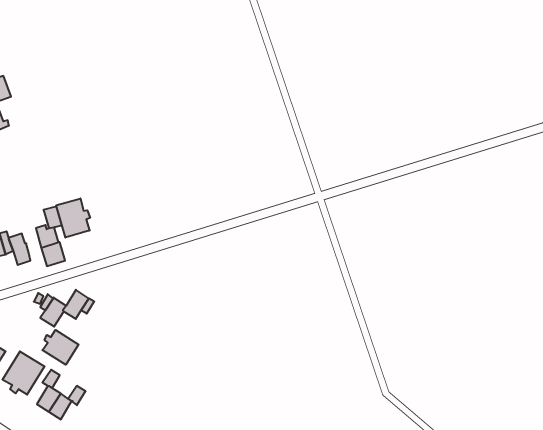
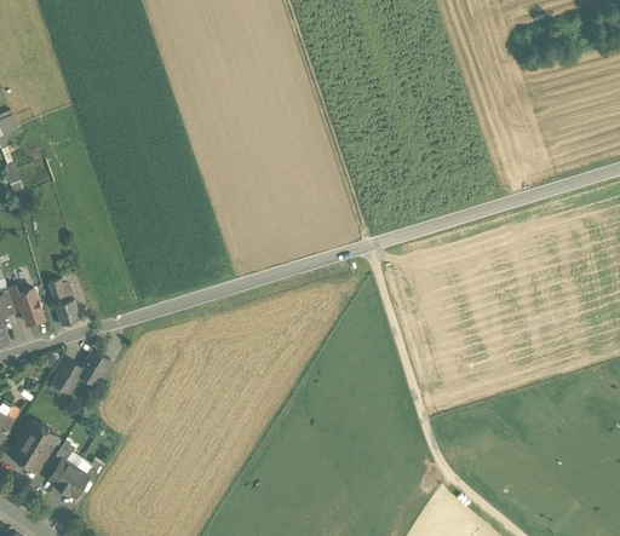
building: [56,198,90,238] -> none
building: [42,330,79,365] -> none

